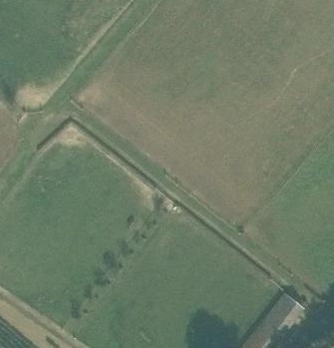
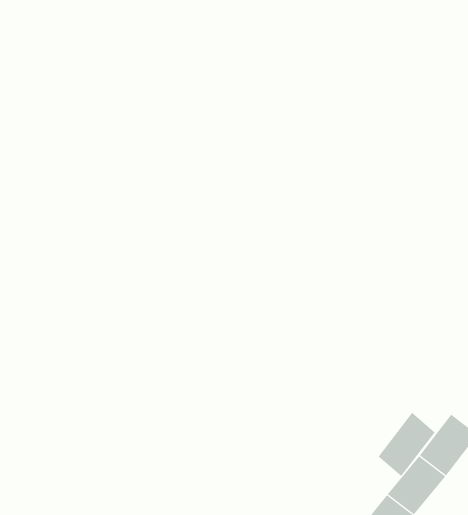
building: none -> [378,412,436,477]

